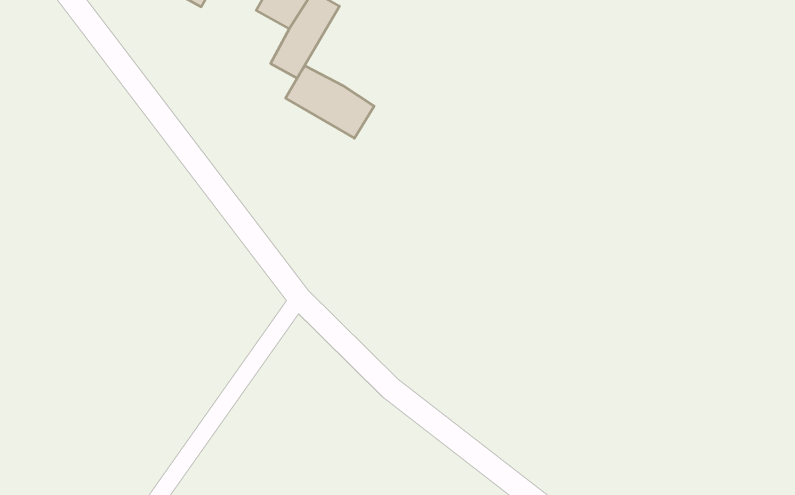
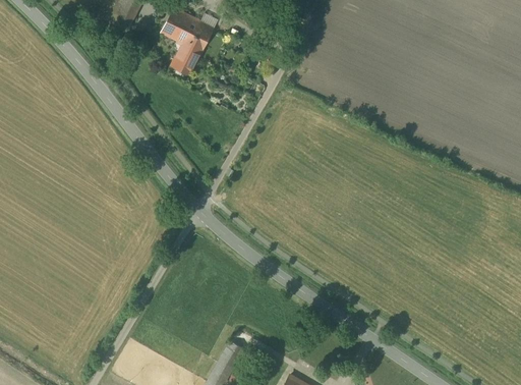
building: [286,66,374,138] -> none

